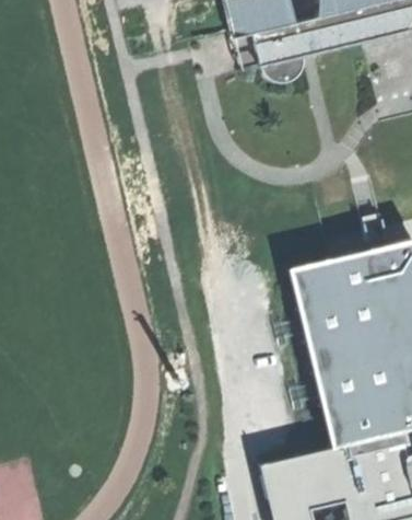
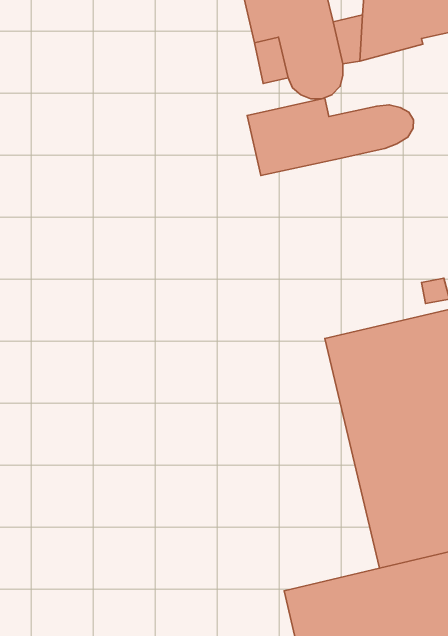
building: none -> [247,98,414,176]

